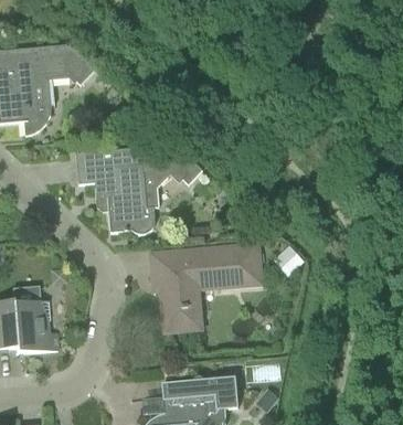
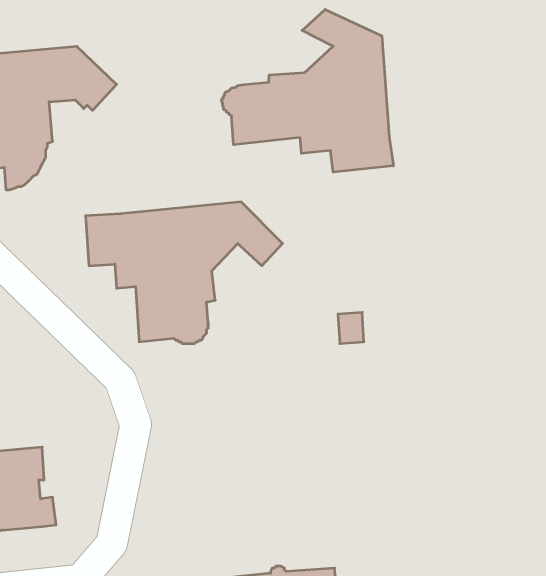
building: none -> [222,9,393,172]
building: [150,243,262,330] -> none

